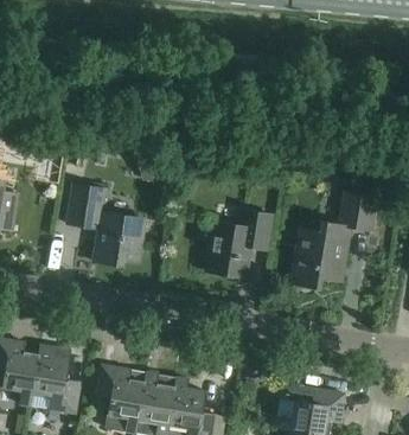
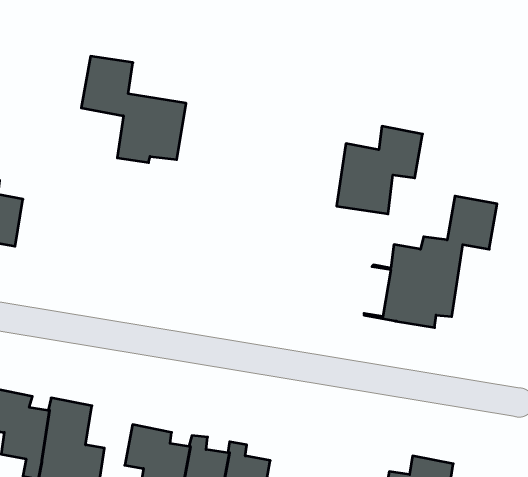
building: [66,184,146,264] -> [81,56,186,163]
building: [207,210,273,276] -> [337,126,423,214]

